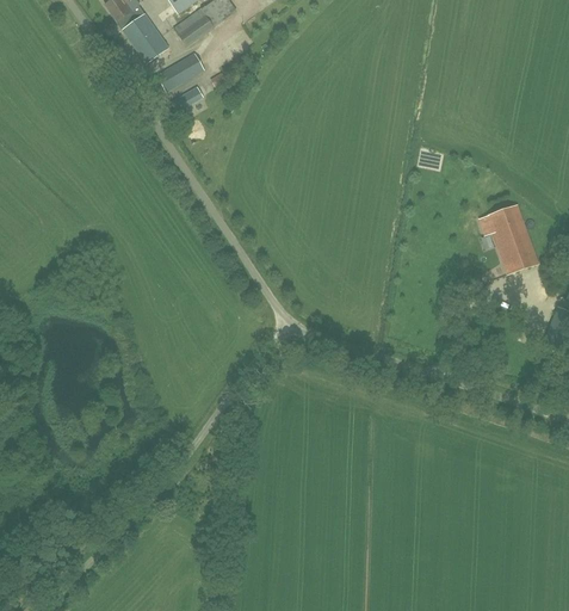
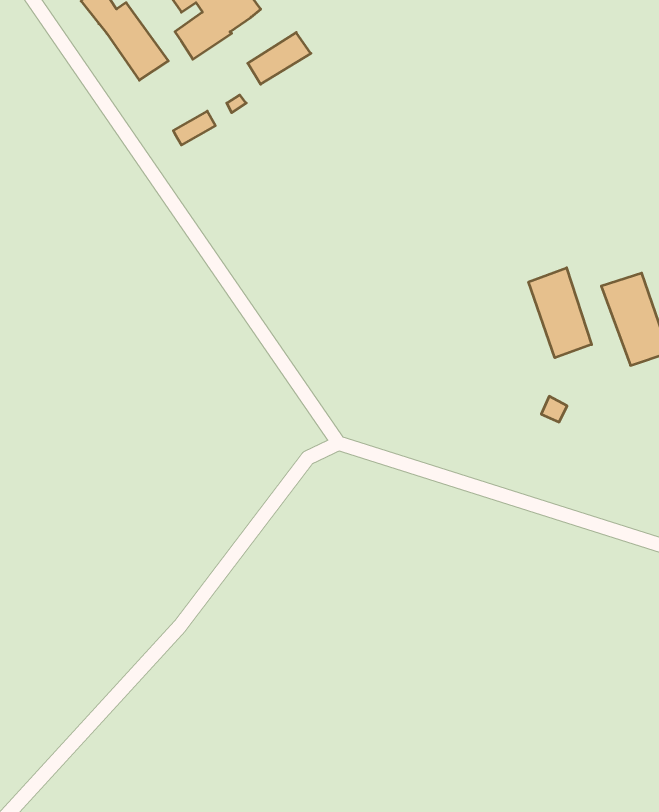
building: [157,53,204,91] -> [248,32,311,84]
building: none -> [529,268,592,358]

